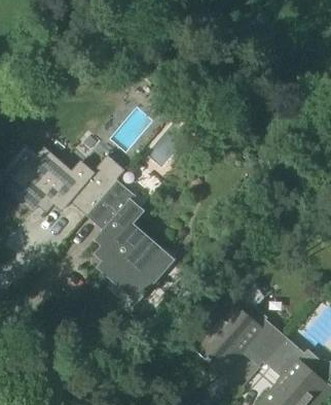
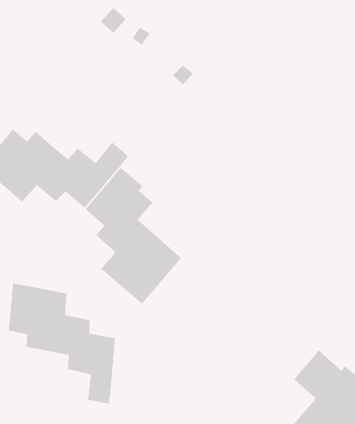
building: none -> [8,282,116,404]
building: [195,282,286,370] -> none

